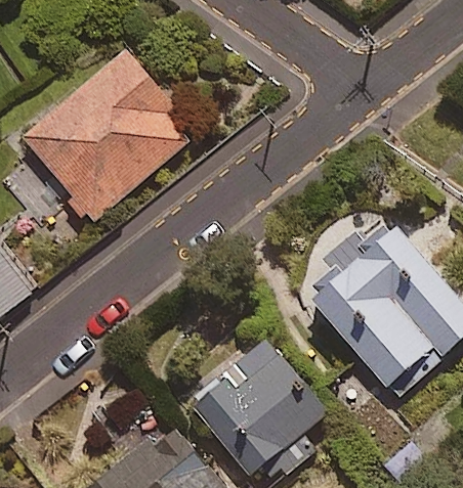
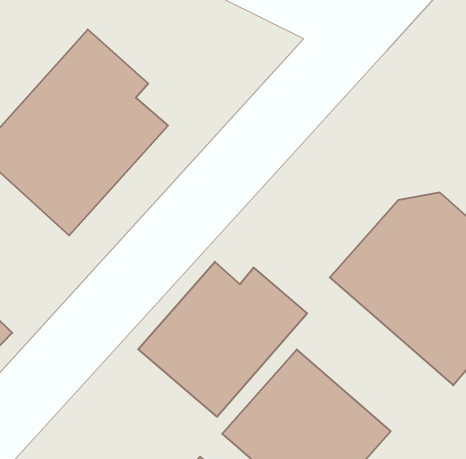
building: none -> [138,262,307,417]

